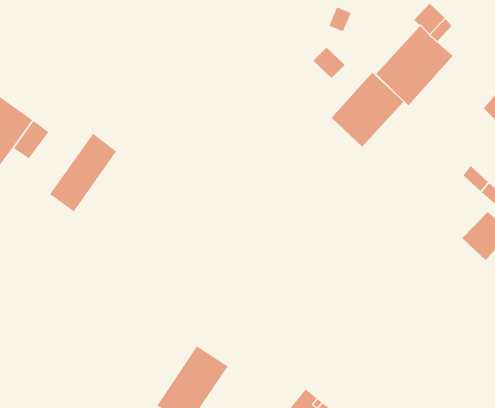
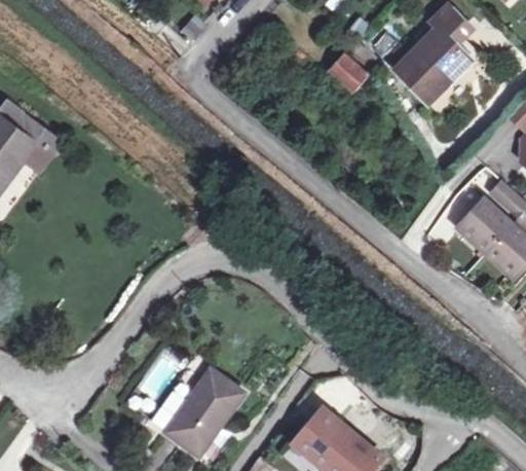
building: [331,72,404,148] -> none
building: [49,133,117,212] -> none
building: none -> [451,195,510,253]

